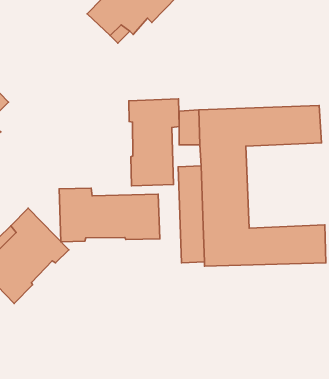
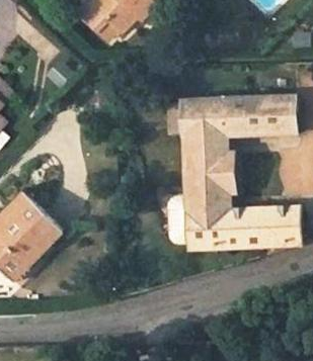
building: [129,99,179,186] -> none
building: [59,188,160,242] -> none

